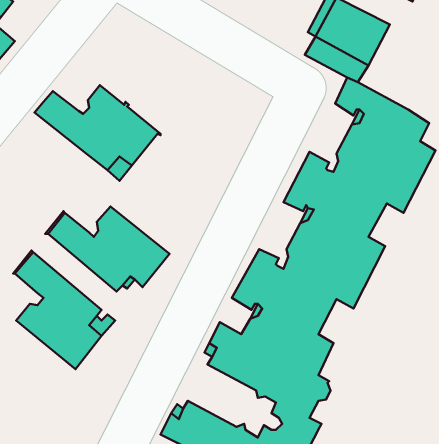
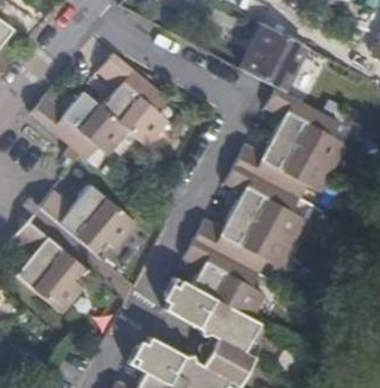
building: none -> [96,53,167,145]

